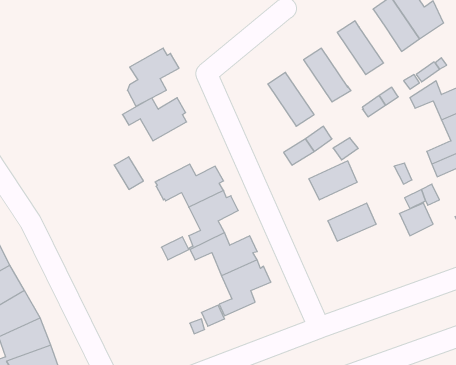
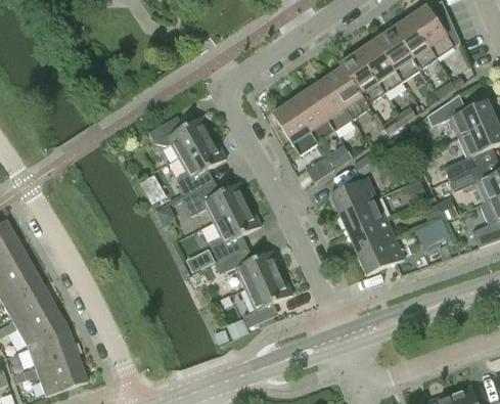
building: none -> [374,29,419,81]
building: none -> [338,51,384,104]
building: [127,48,179,106] -> [176,138,226,194]
building: none -> [307,78,352,131]
building: none -> [272,101,317,154]
building: none -> [339,196,385,234]
building: none -> [357,237,404,274]

